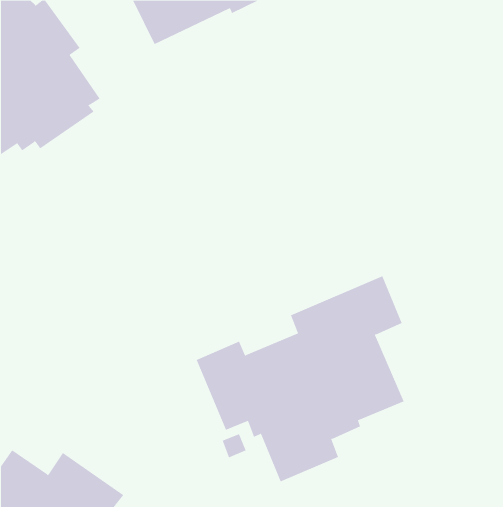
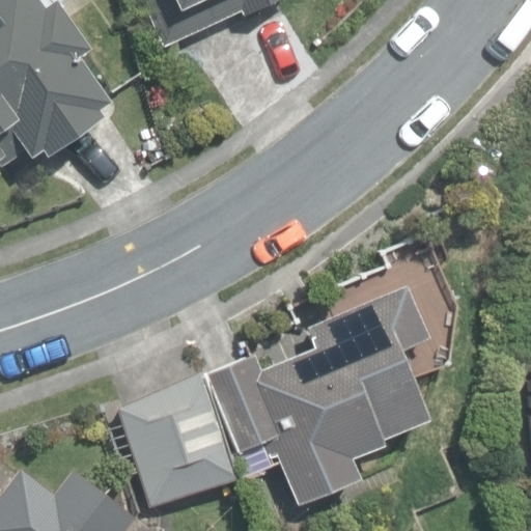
building: none -> [116,370,239,505]

